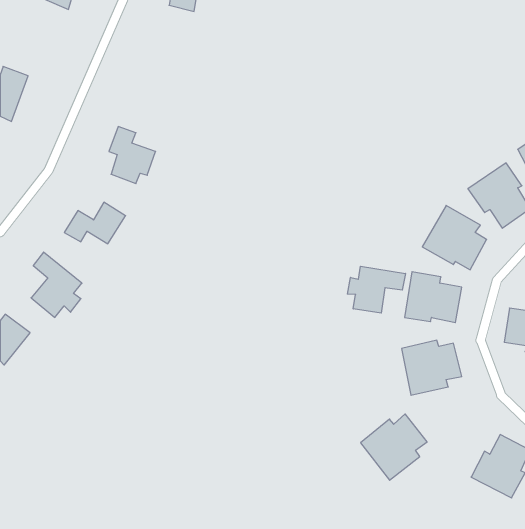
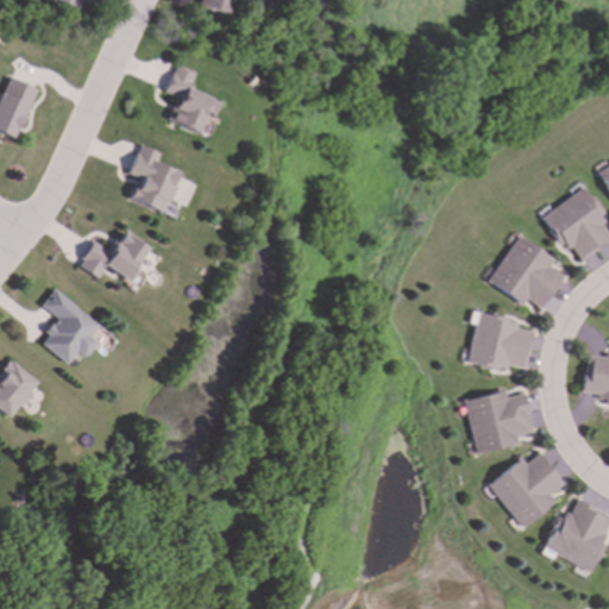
building: none -> [167,64,222,133]
building: [347,266,405,313] -> none
building: [361,414,427,480] -> [490,452,566,528]

